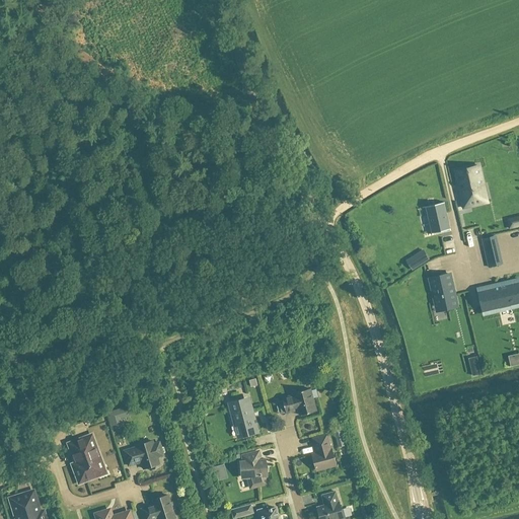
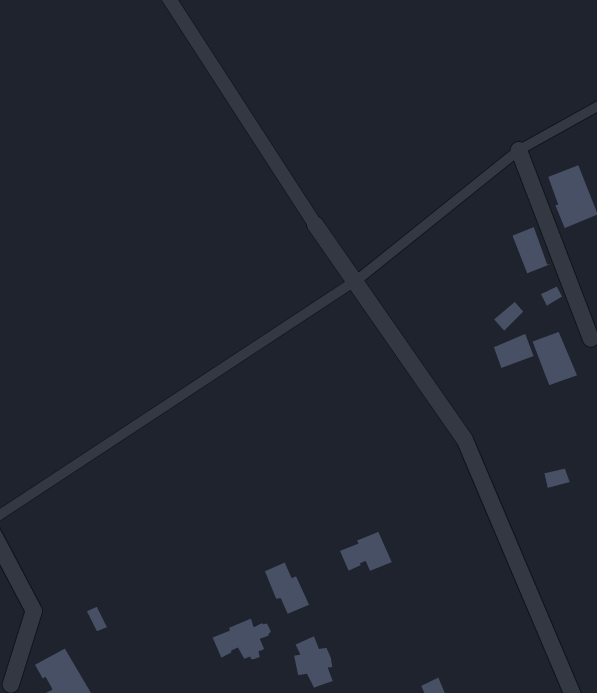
building: none -> [492,331,537,376]
building: [311,435,335,469] -> none
building: [124,441,164,469] -> [211,618,272,660]

